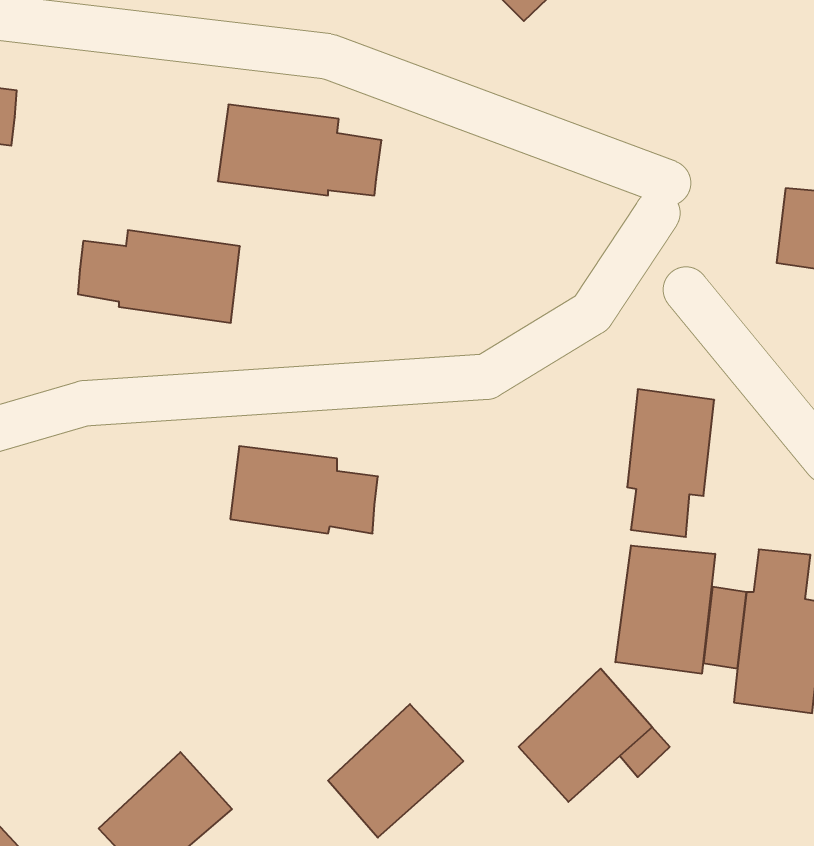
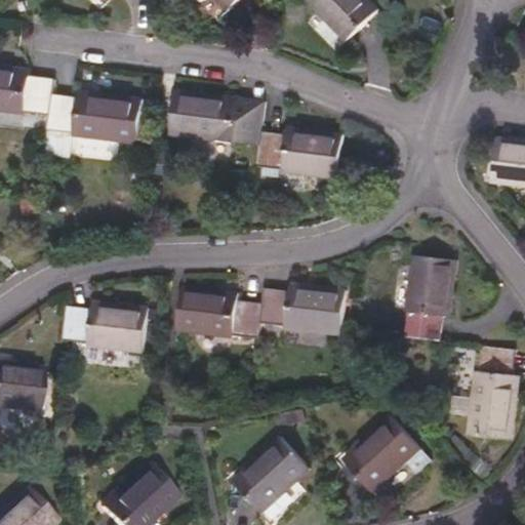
building: none -> [256,128,342,180]
building: [78,230,240,323] -> [49,92,143,146]
building: none -> [259,286,346,335]
building: none -> [60,304,147,353]
building: [615,545,715,674] -> none

